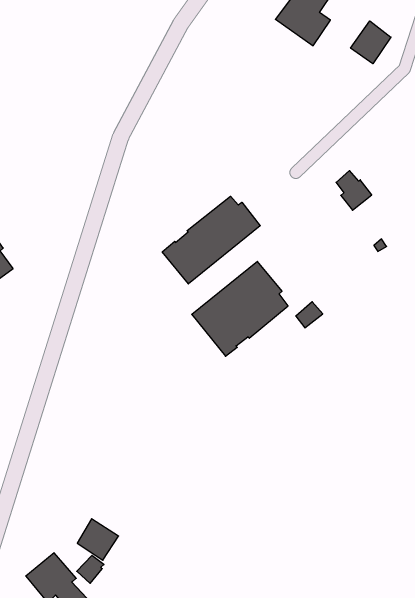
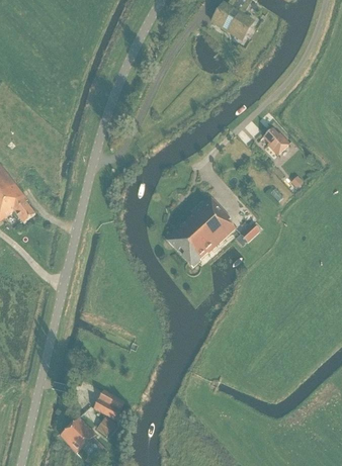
building: [351,21,391,64] -> none
building: [162,196,260,284] -> none

